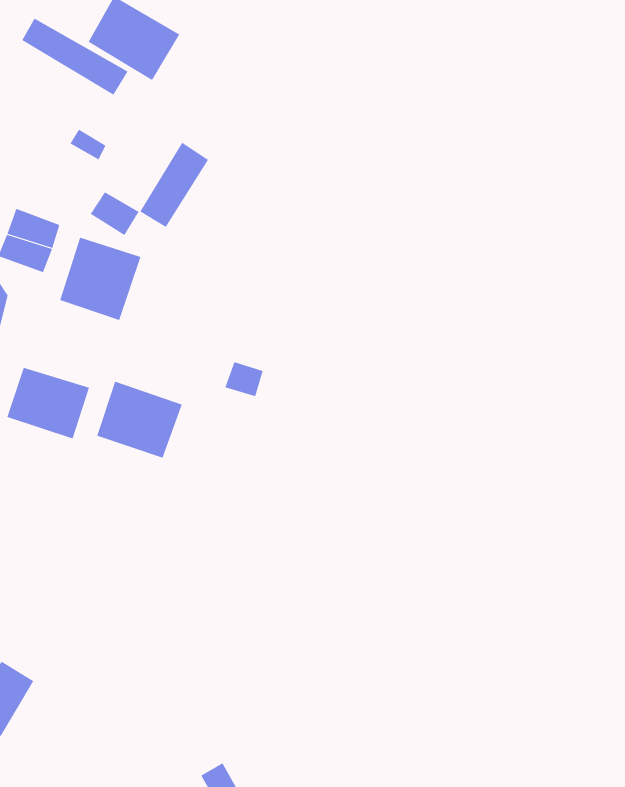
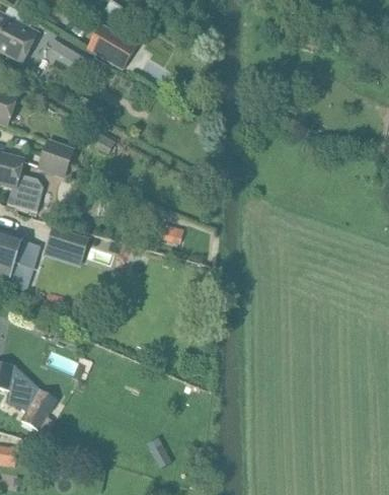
building: [140,142,209,228] -> none
building: [60,237,141,321] -> none
building: [97,381,182,458] -> none

